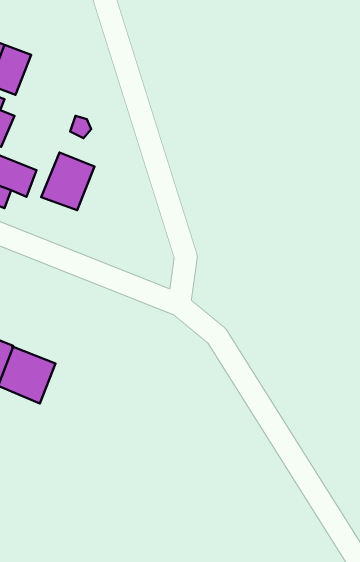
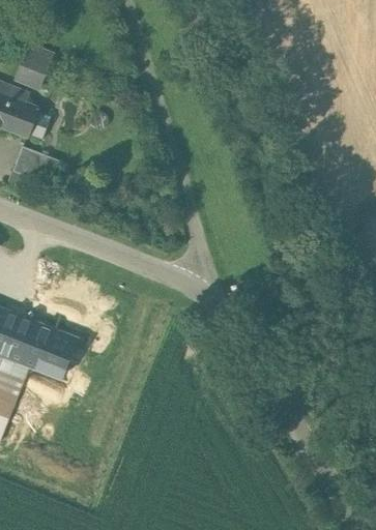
building: [41,153,94,210] -> none

